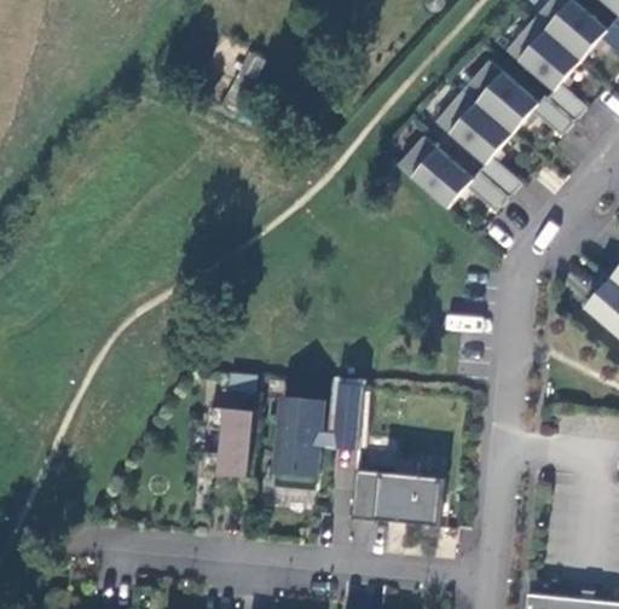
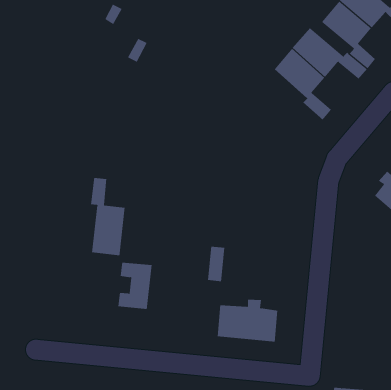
building: [397,135,508,211] -> none
building: none -> [90,177,125,256]
building: [273,398,323,491] -> none

